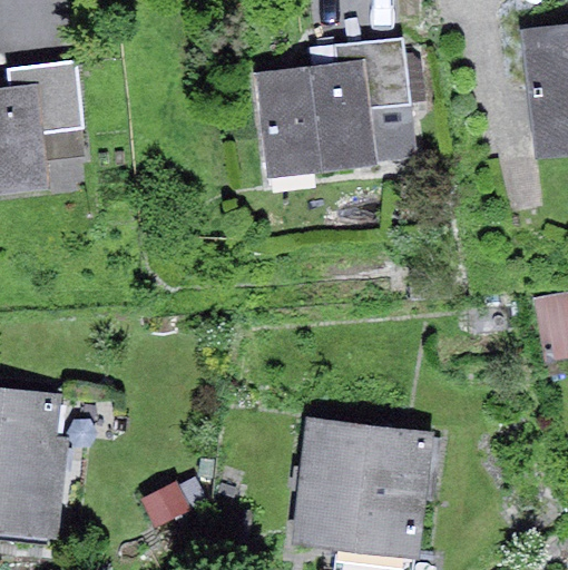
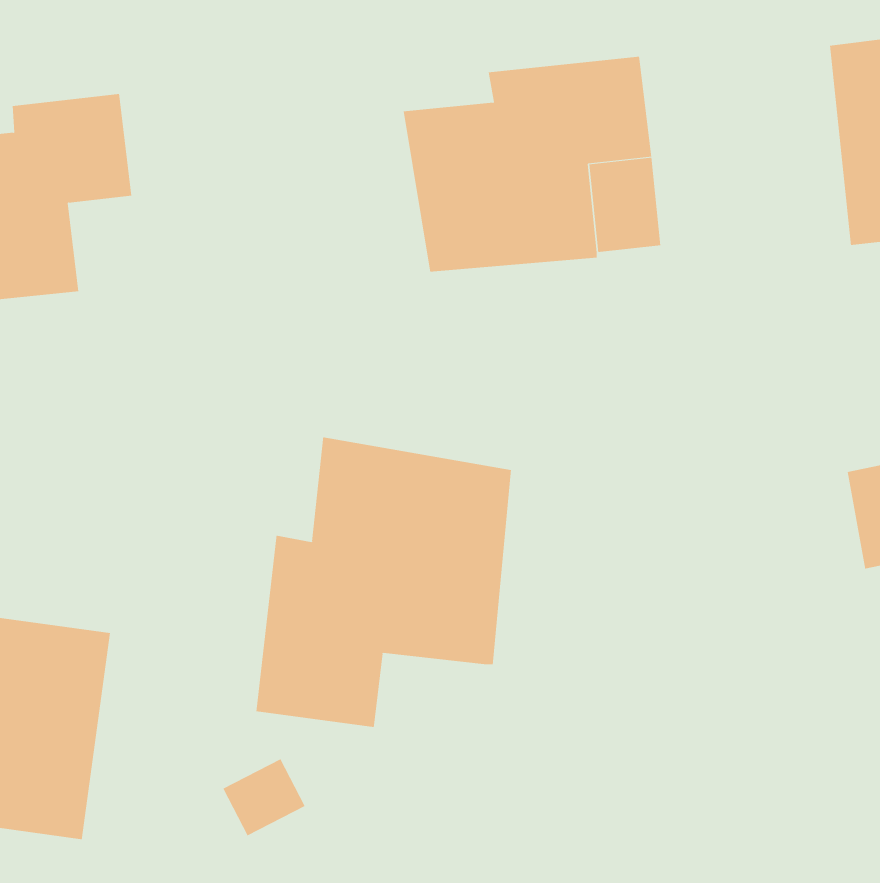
building: none -> [256,436,512,728]
building: [298,424,437,552] -> none

